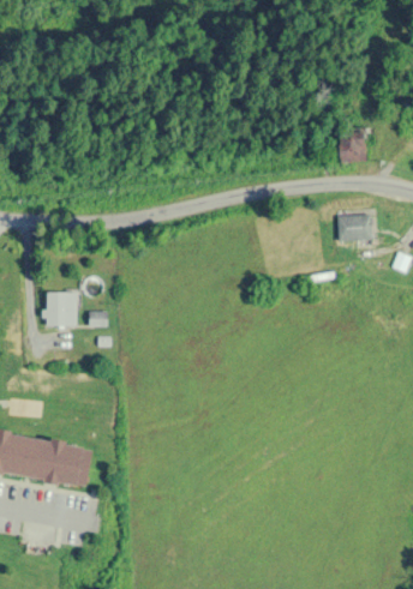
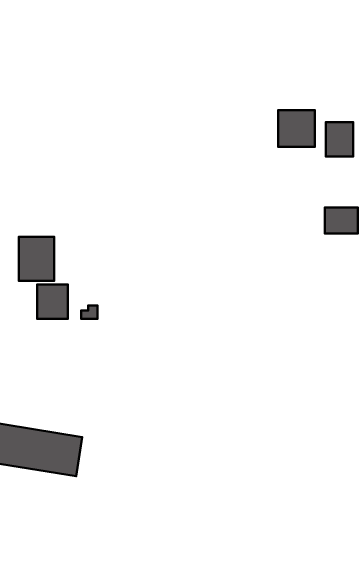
building: none -> [278,110,315,147]
building: none -> [19,237,54,281]

